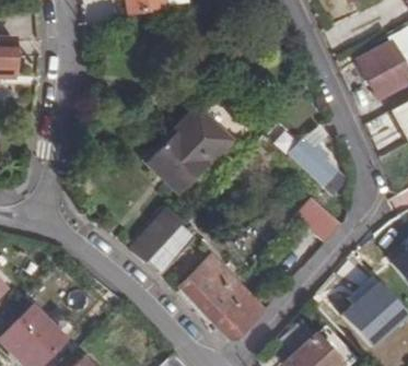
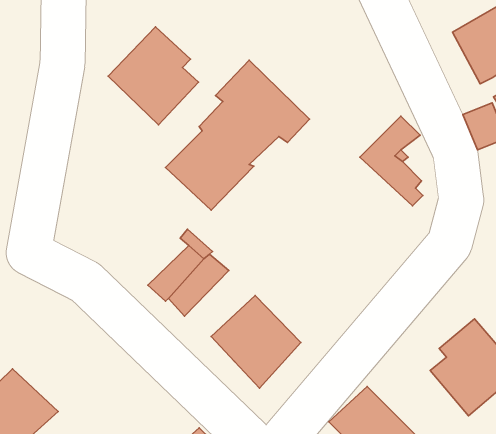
building: none -> [108,27,199,125]
building: [296,197,342,241] -> none
building: [217,292,265,343] -> none

